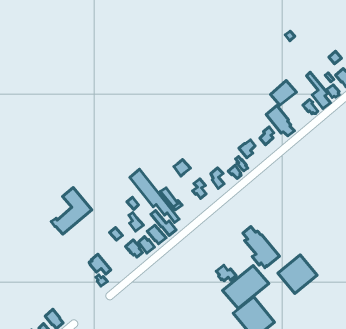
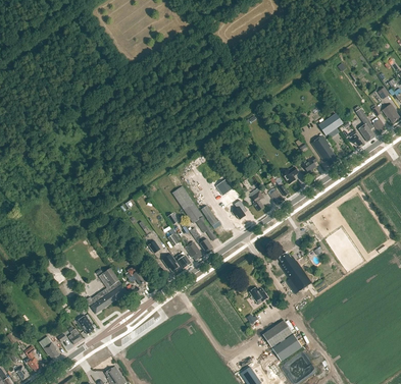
building: [51,187,92,234] -> [86,268,127,313]
building: [278,255,317,293] -> none
building: [223,265,269,309] -> none

